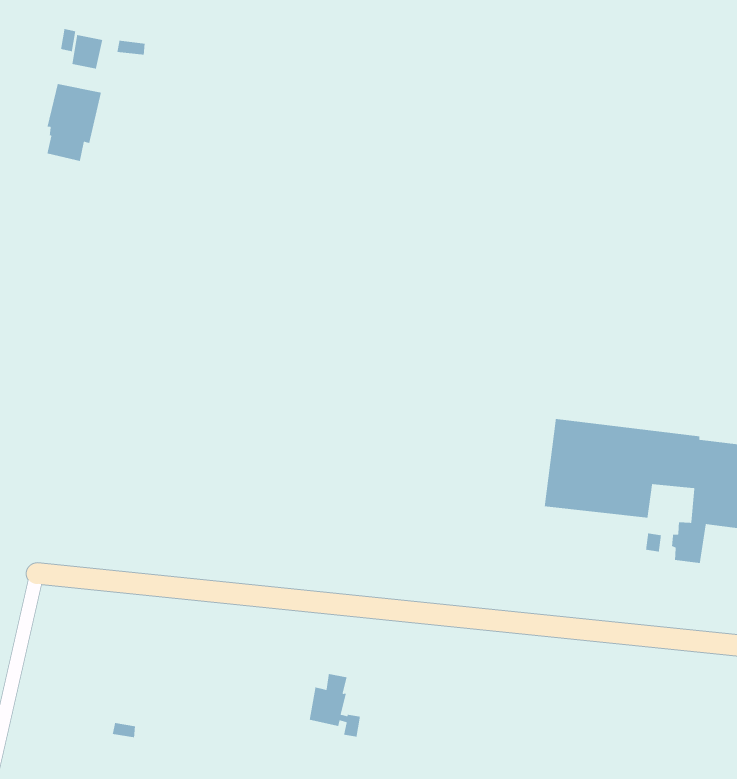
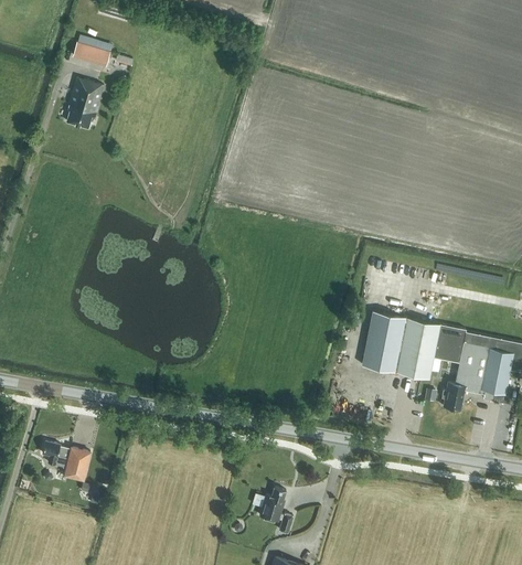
building: none -> [41,440,89,480]
building: [309,673,361,738] -> [258,487,291,529]

